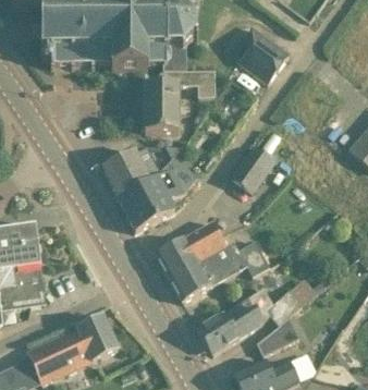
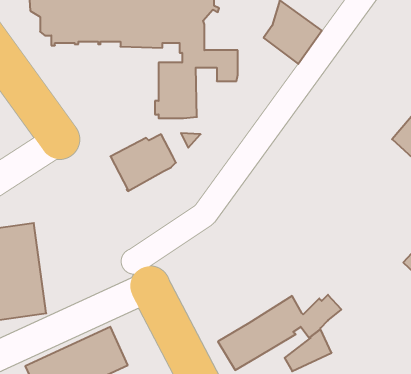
building: [231,145,273,190] -> none
building: [118,161,186,229] -> none
building: [156,219,270,300] -> none

